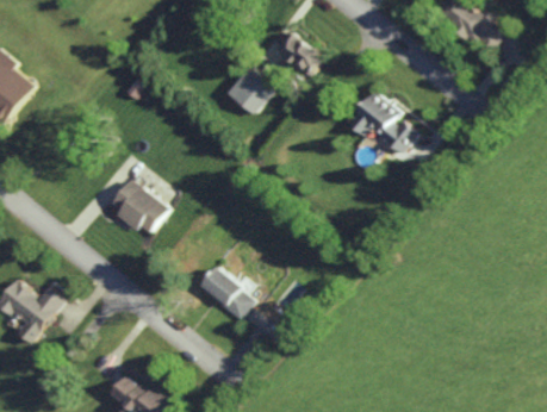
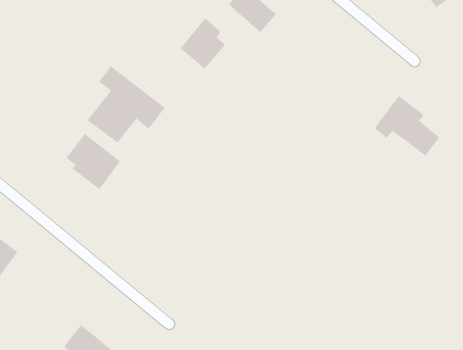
building: [348,90,415,152] -> [374,95,440,156]
building: none -> [87,66,165,143]
building: [199,266,253,318] -> none

